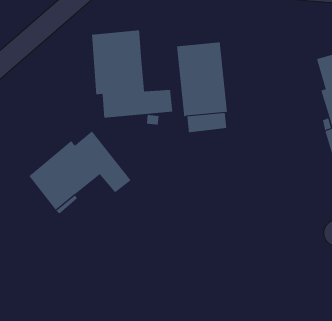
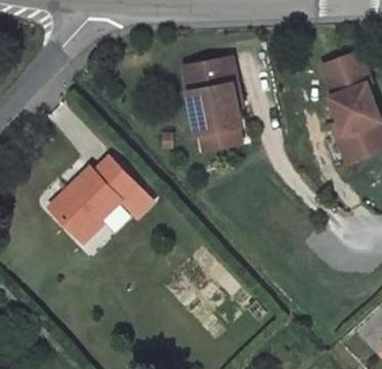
building: [92,29,173,119] -> none

